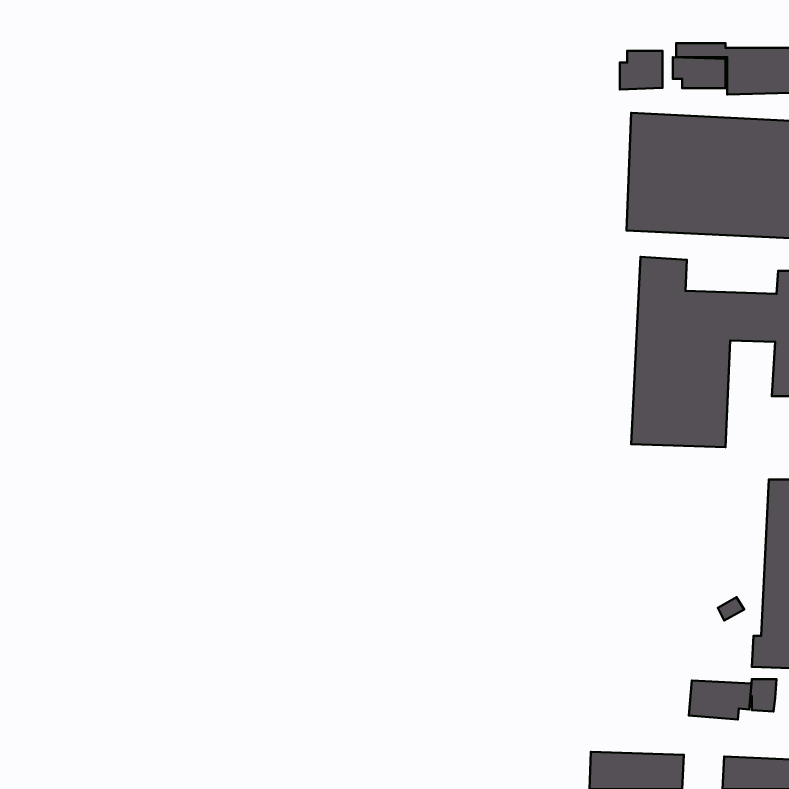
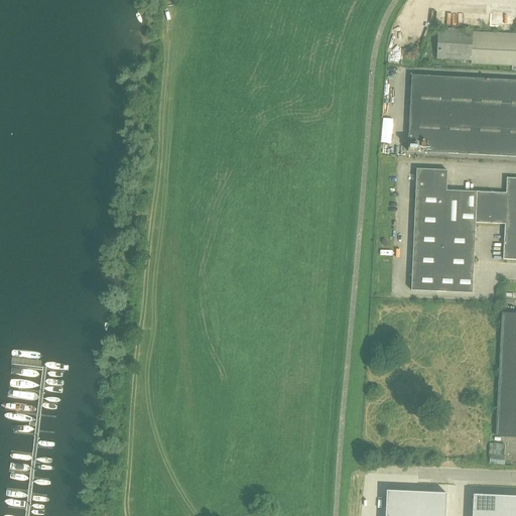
building: [620,51,662,90] -> none
building: [689,680,751,720] -> none

